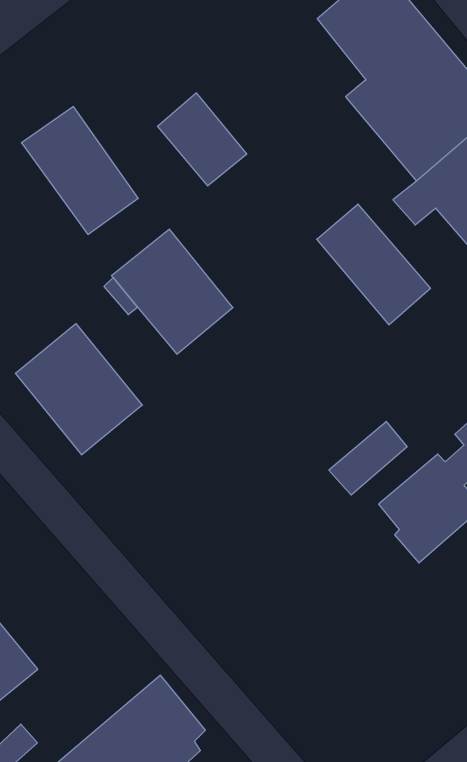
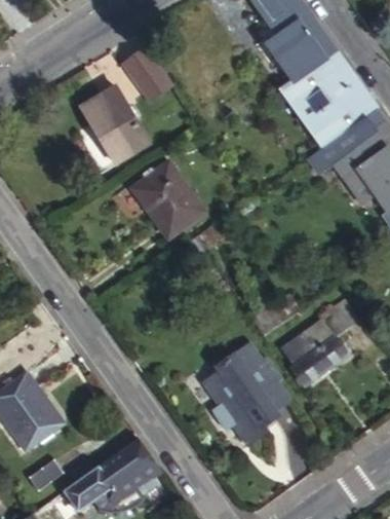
building: [157,93,247,186] -> [120,43,173,101]
building: [317,204,430,325] -> none
building: [15,324,142,455] -> none
building: none -> [205,343,292,444]

